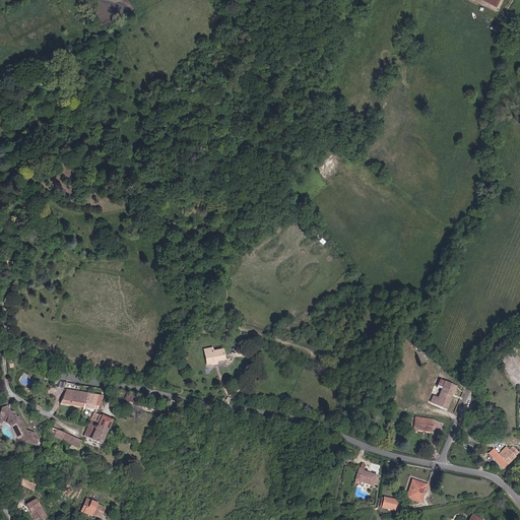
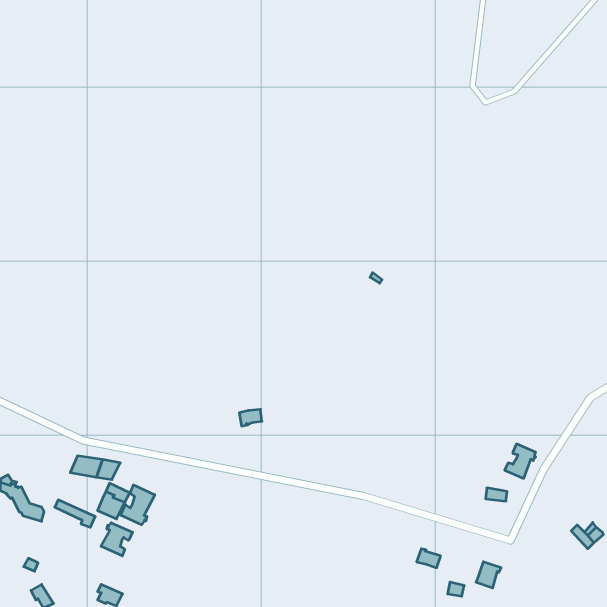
building: none -> [120,485,155,525]
building: none -> [101,523,133,556]

